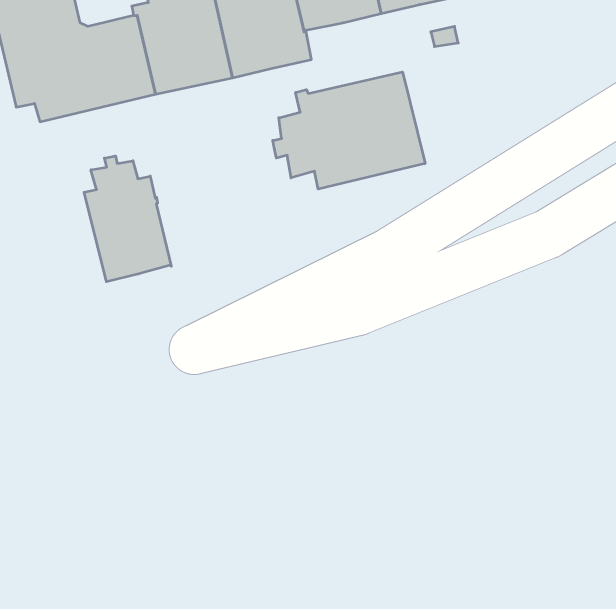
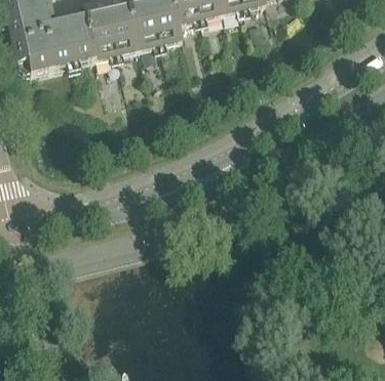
building: [273,72,425,189] -> none
building: [84,156,171,282] -> none

